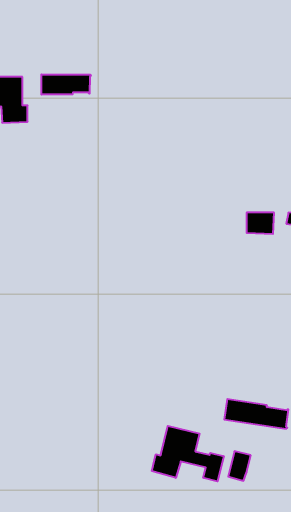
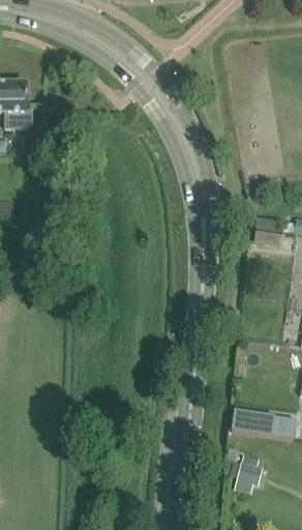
building: [41,74,91,95] -> none
building: [152,426,224,481] -> none

